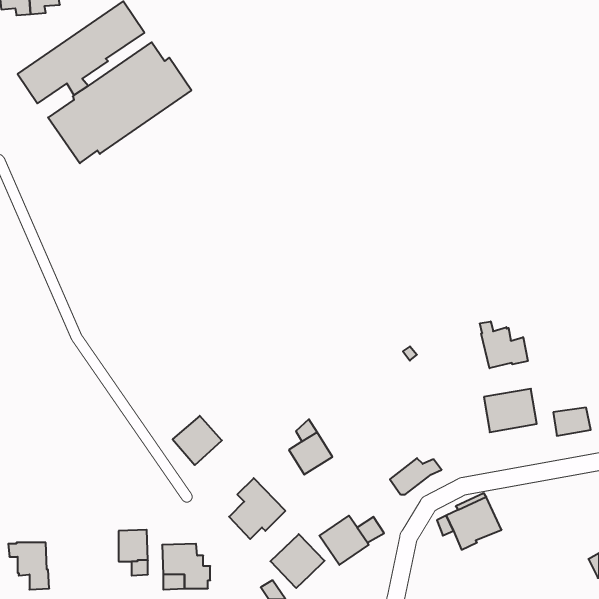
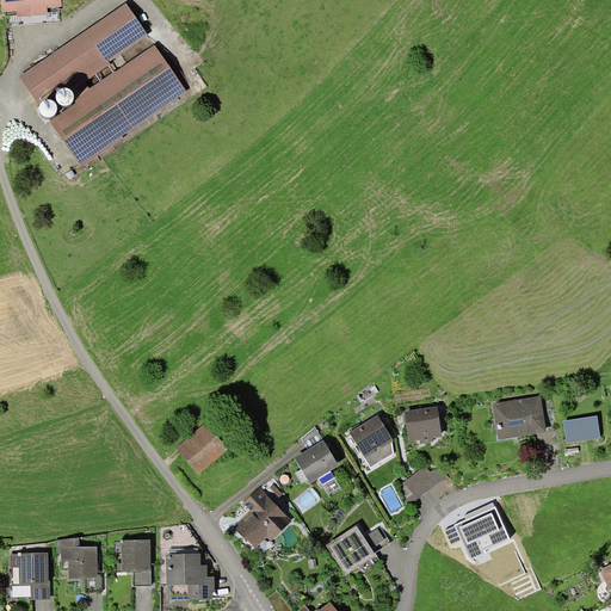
building: [480,321,528,368] -> none
building: none -> [403,405,440,443]
building: none -> [348,414,393,467]
building: none -> [55,536,97,578]
building: [270,534,325,588] -> none

